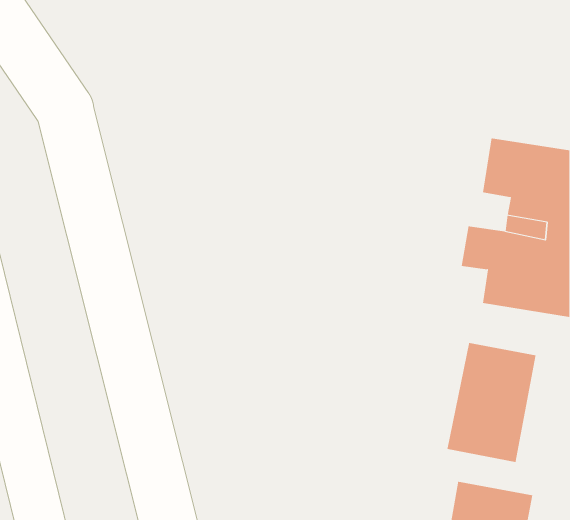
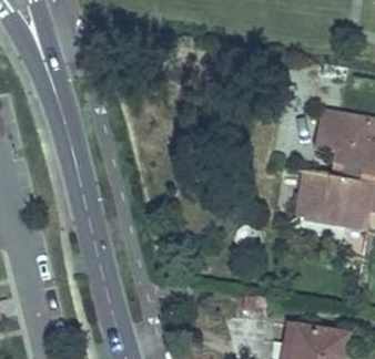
building: [447,342,536,463] -> none

